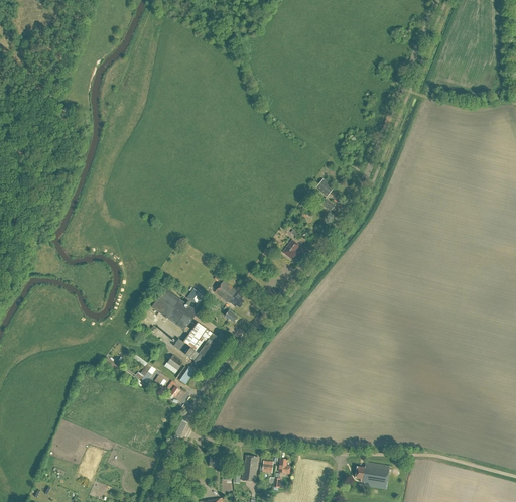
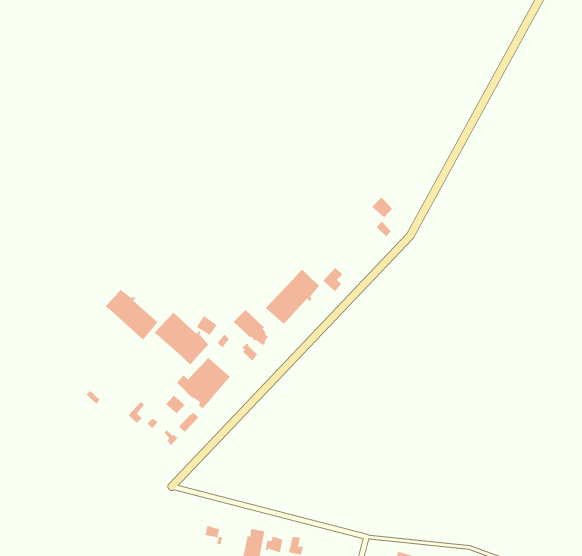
building: none -> [265,269,320,325]
building: none -> [105,289,158,341]

